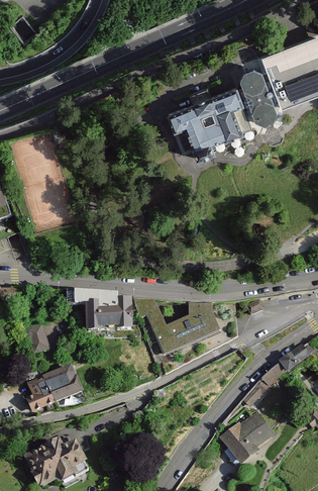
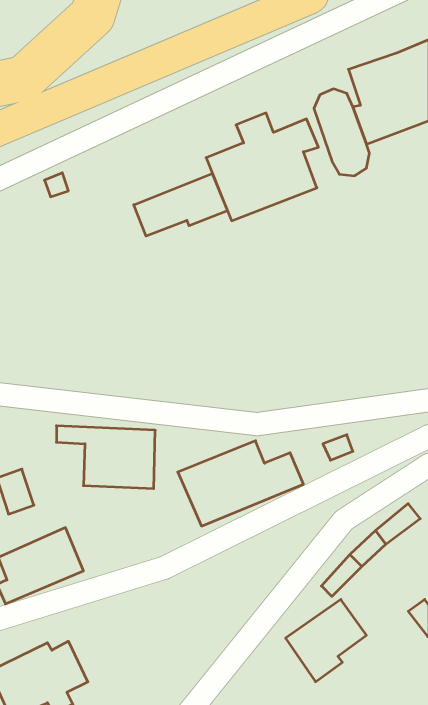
building: none -> [134,173,228,236]

